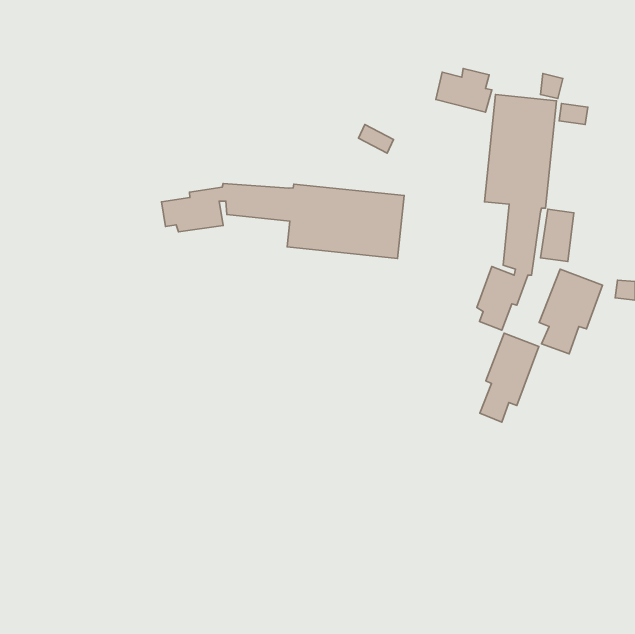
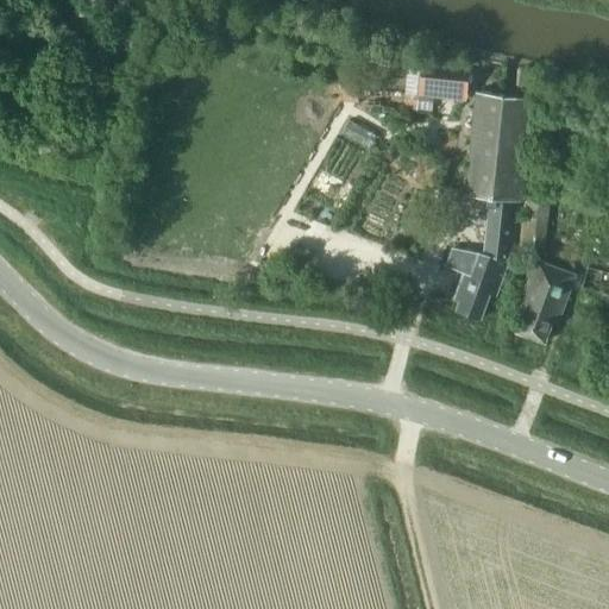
building: [161,183,404,258] -> none
building: [480,333,539,422] -> none

